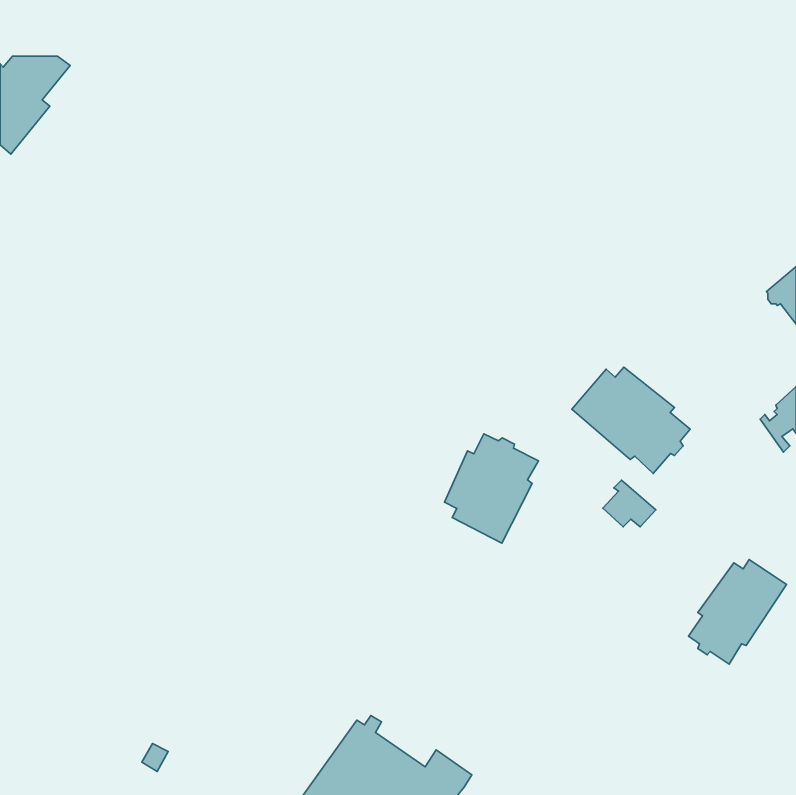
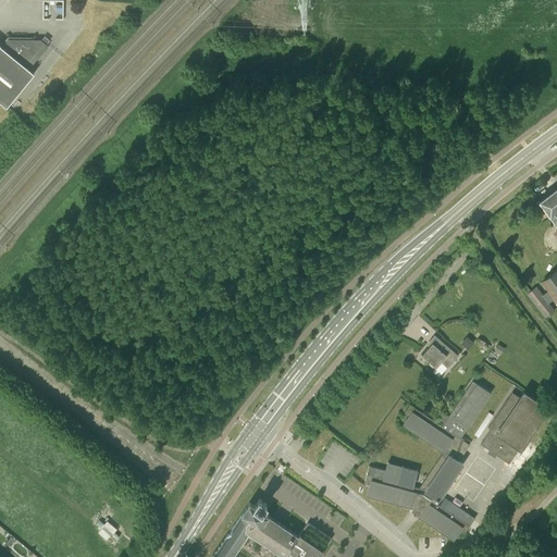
building: [572,367,690,473] -> none
building: [444,434,538,543] -> none
building: none -> [364,382,491,541]

